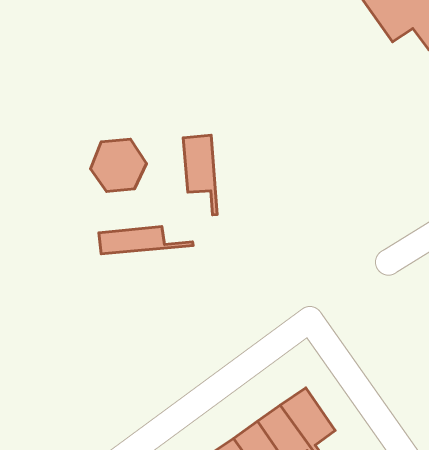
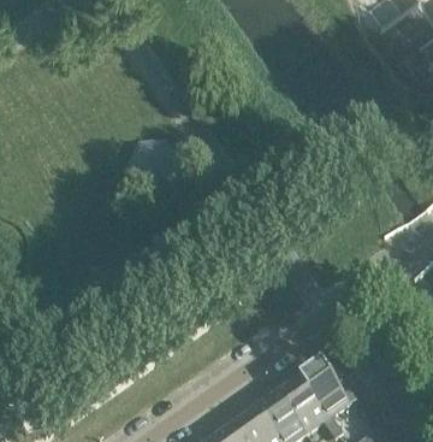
building: [183,135,217,215] -> none
building: [99,226,193,254] -> none

